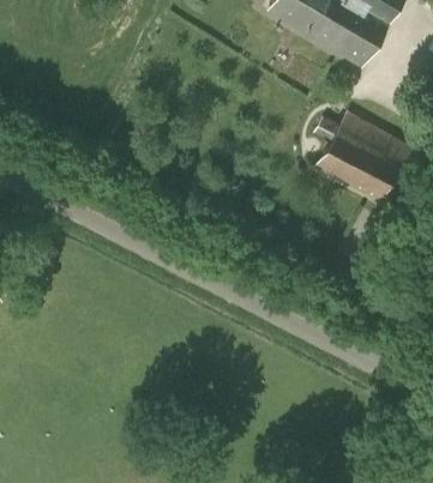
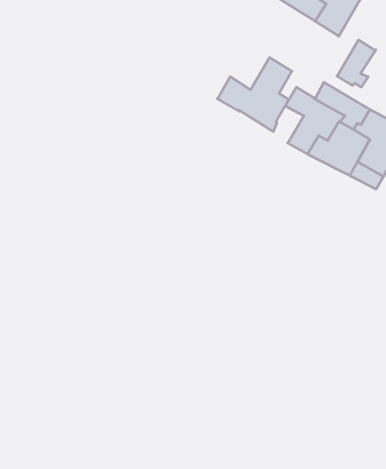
building: none -> [337,40,376,87]
building: none -> [217,58,292,132]

